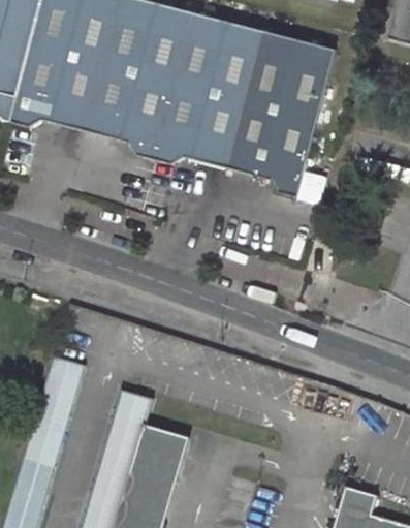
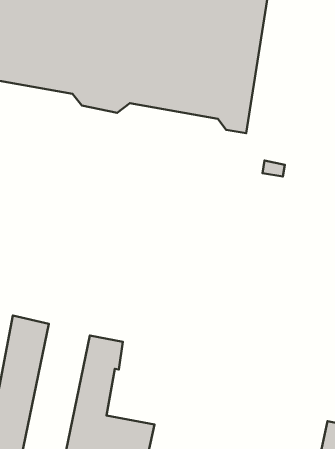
building: [132,417,192,476] -> none

